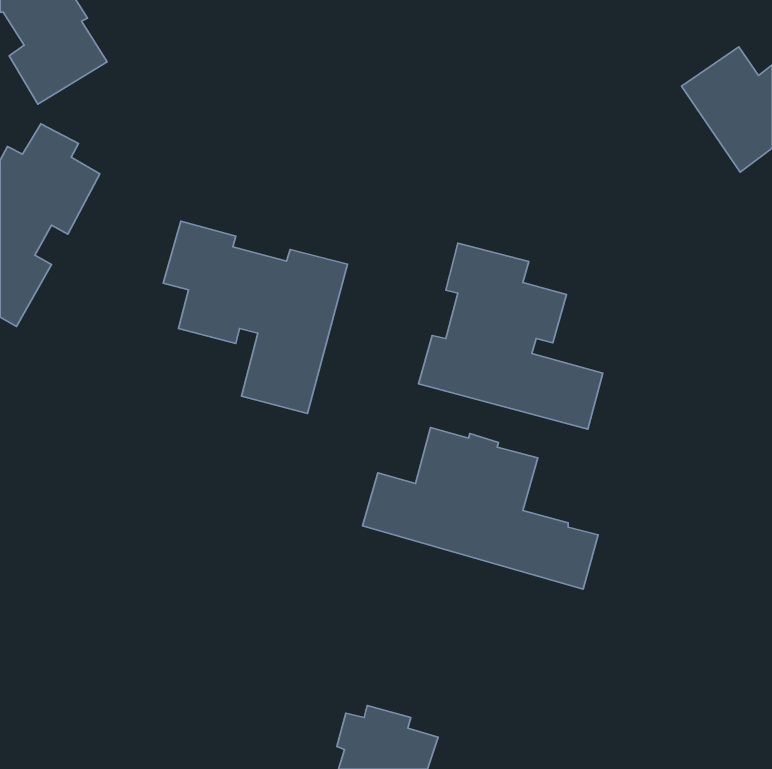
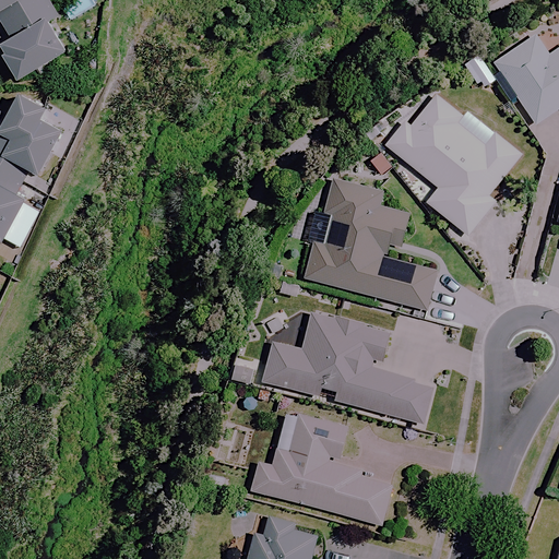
building: none -> [384,92,522,235]
building: [163,221,348,414] -> none
building: none -> [248,413,391,525]

